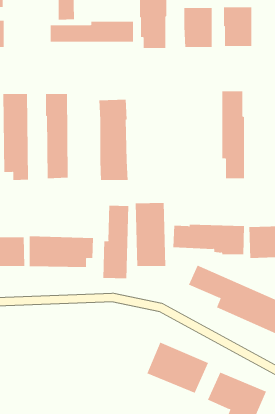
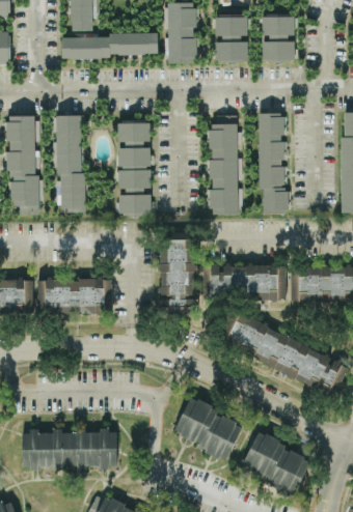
building: none -> [209,114,241,214]
building: [103,205,129,279] -> none
building: none -> [22,430,116,468]

